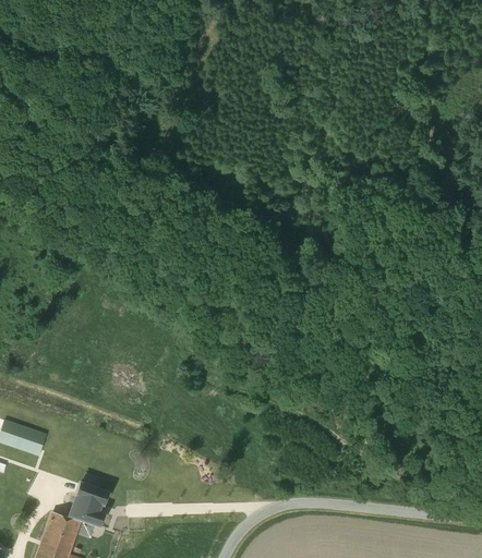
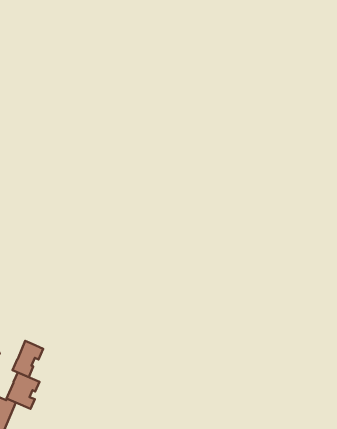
building: none -> [13,341,43,377]

